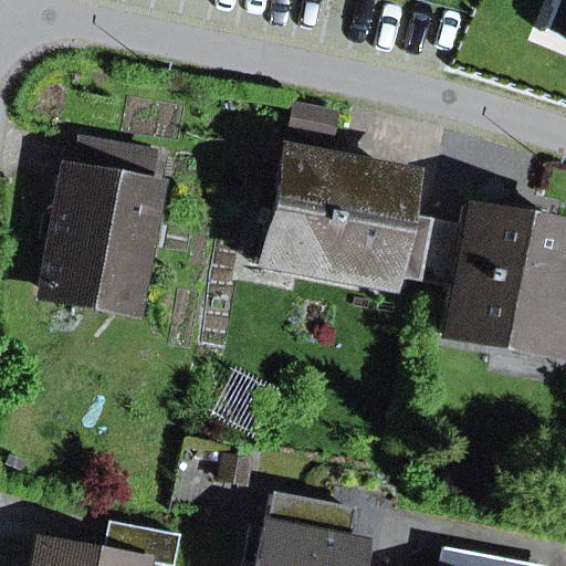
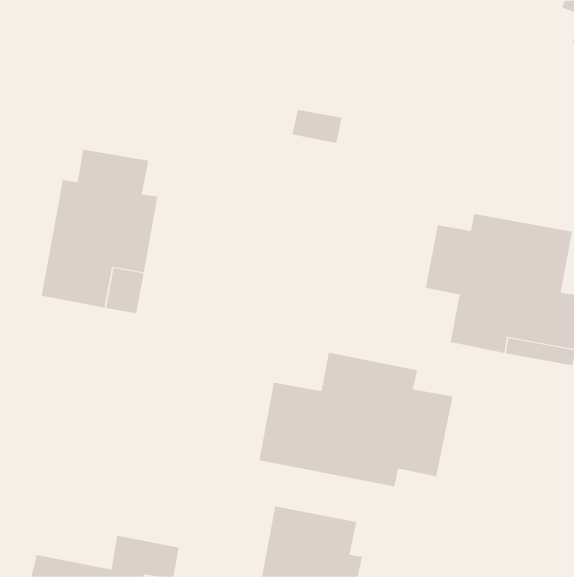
building: [269,151,431,282] -> none
building: none -> [259,352,453,487]

